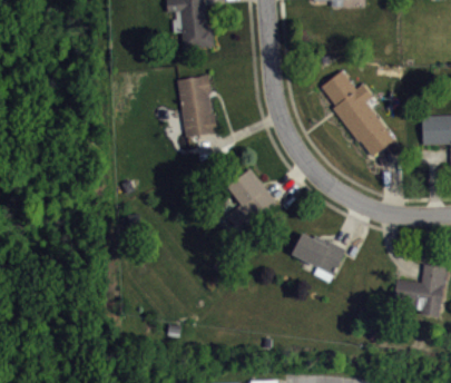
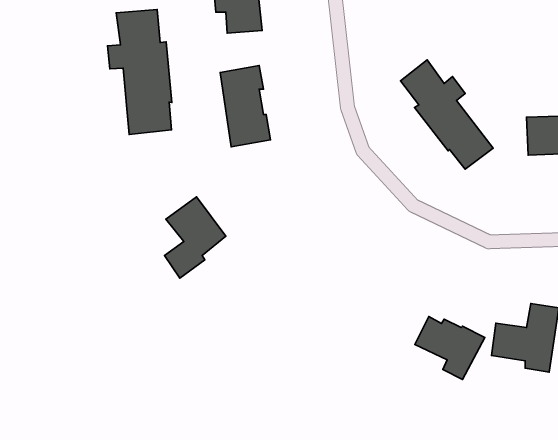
building: none -> [107,10,172,134]
building: [225,168,274,233] -> [164,197,226,278]
building: [291,232,346,282] -> [415,316,485,379]

